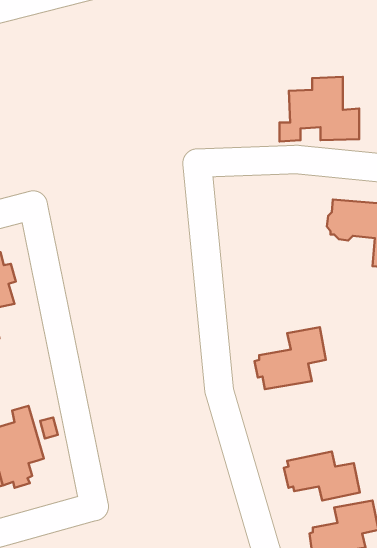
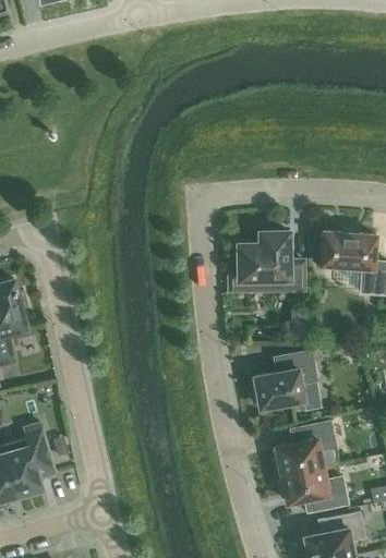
building: [280,77,359,141] -> [229,231,303,291]
building: none -> [272,421,336,474]

